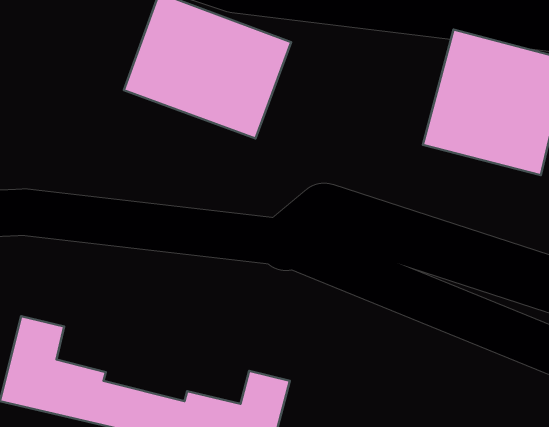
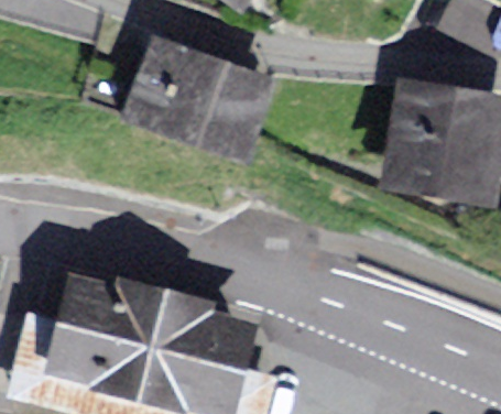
building: none -> [63,286,239,391]

